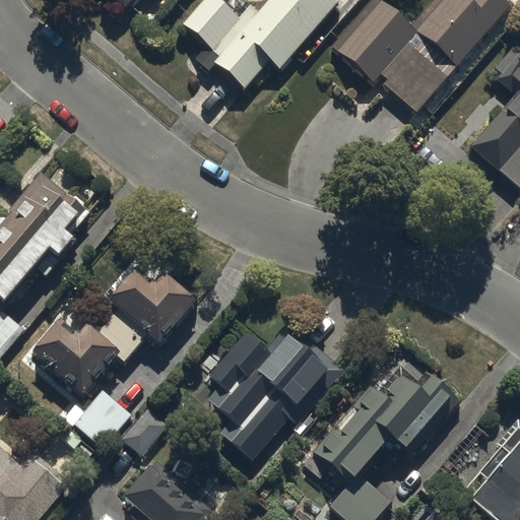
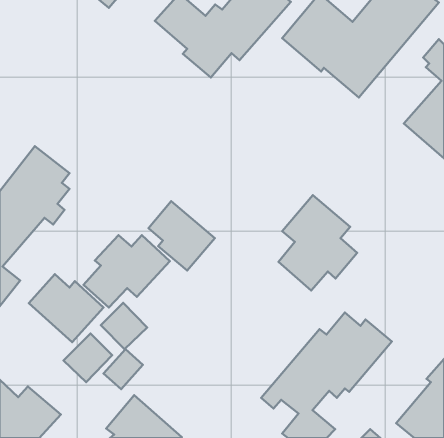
building: none -> [278,195,357,291]
building: none -> [148,201,215,271]
building: [207,324,344,462] -> none
building: none -> [101,303,147,349]

